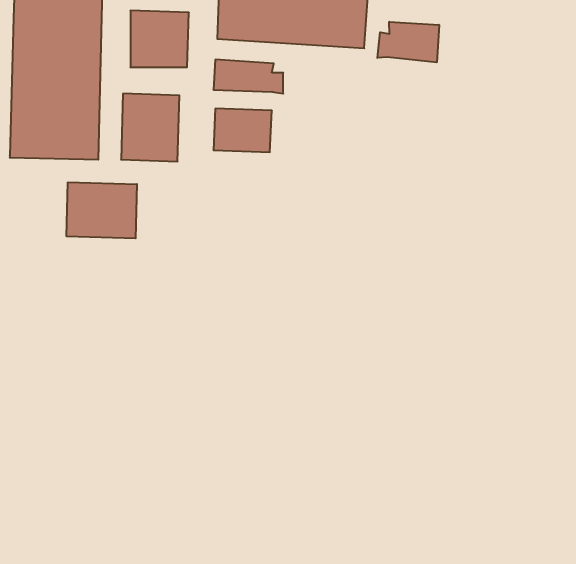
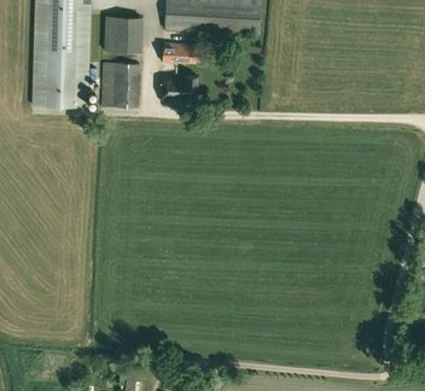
building: [377,22,439,62] -> none
building: [67,182,137,238] -> none

